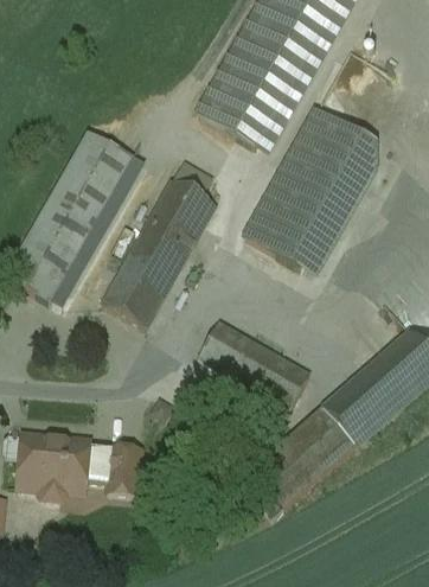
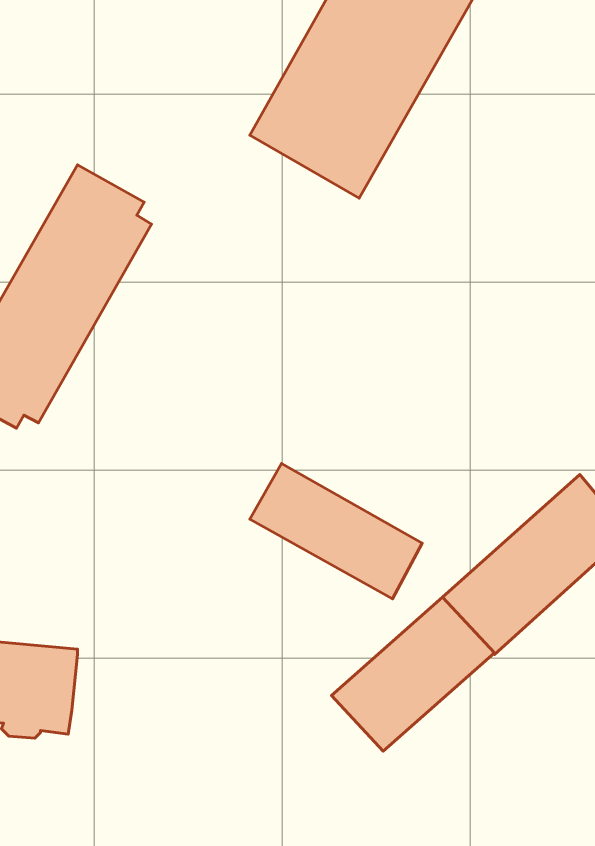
building: [245,108,377,275] -> none
building: [102,177,216,325] -> none
building: [85,442,141,492] -> none

